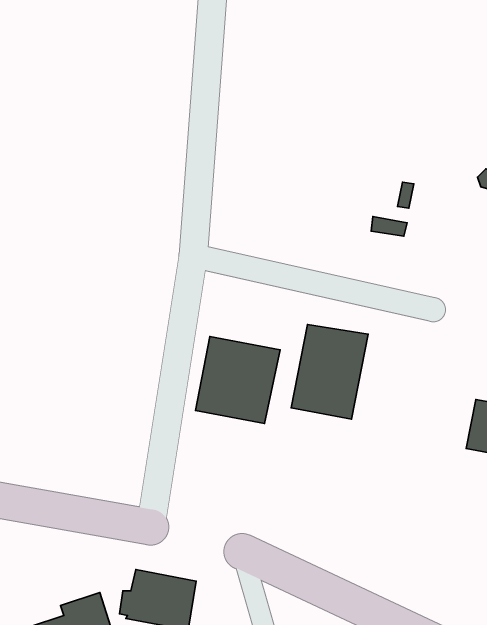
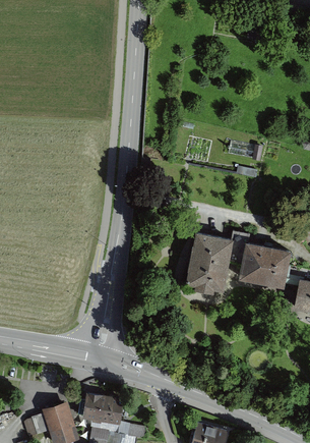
building: [195,336,280,424] -> none
building: none -> [239,244,289,287]

